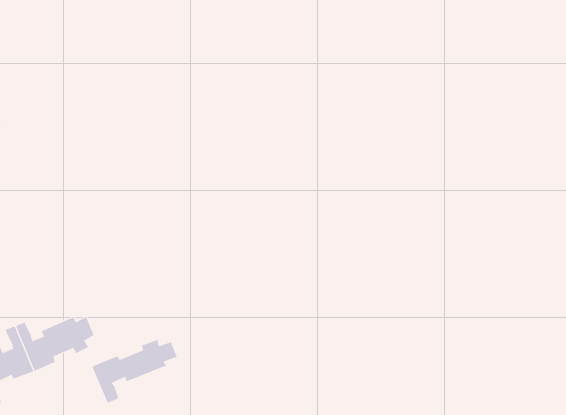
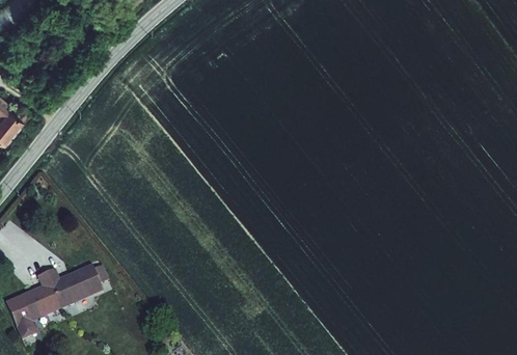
building: [92,339,178,403] -> none

